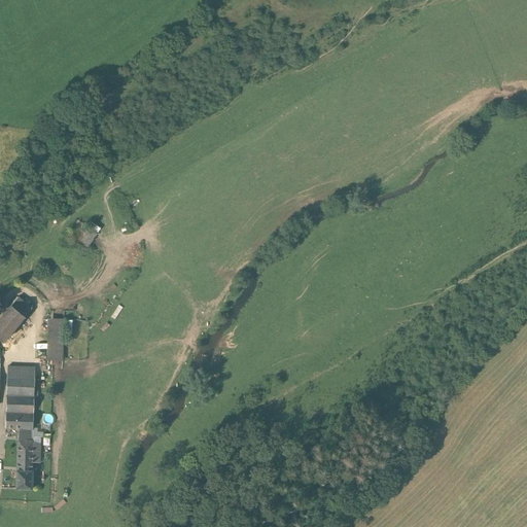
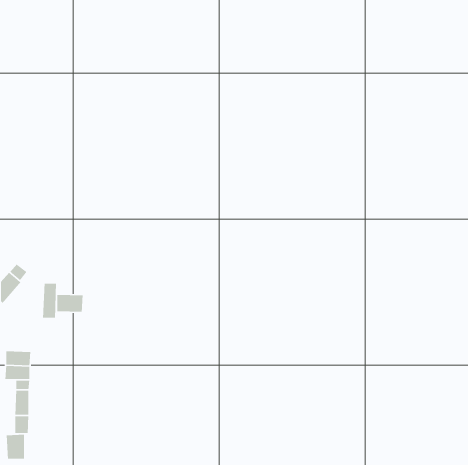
building: none -> [56,294,83,313]
building: [6,362,36,395] -> none
building: none -> [6,434,25,459]

